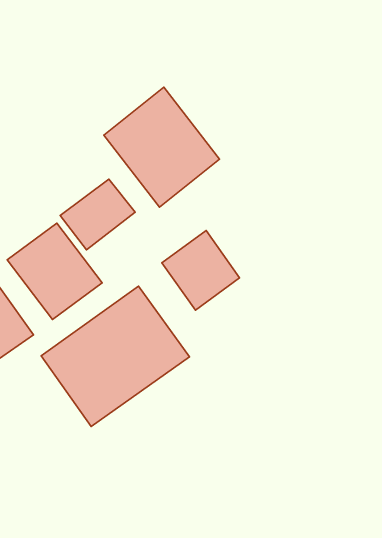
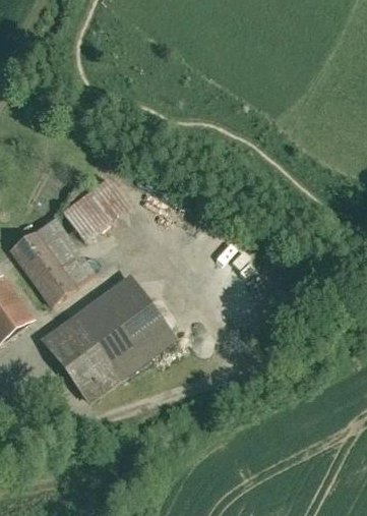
building: [104,87,220,207] -> none
building: [162,230,240,310] -> none

